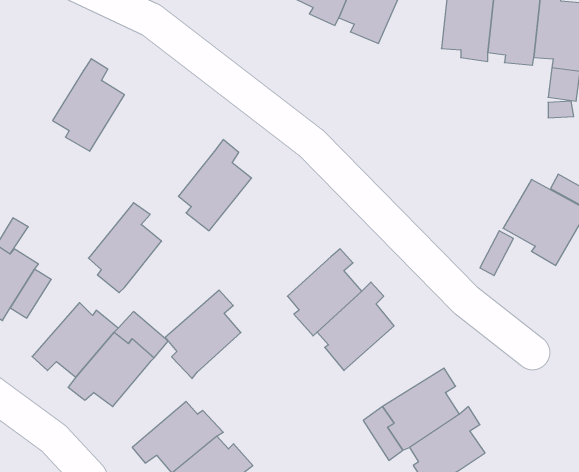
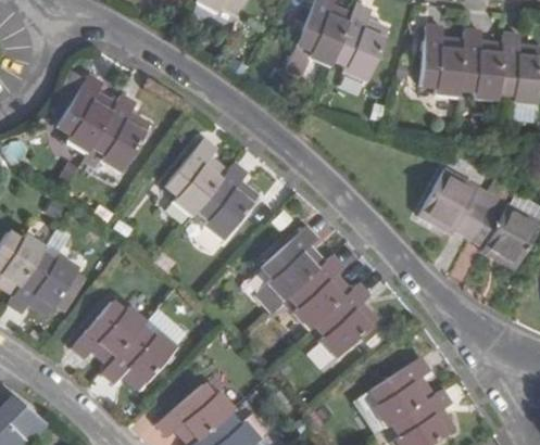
building: none -> [54,75,115,152]
building: none -> [417,168,494,238]
building: [88,203,162,293] -> [165,139,227,215]
building: [165,290,241,379] -> [261,226,325,301]

